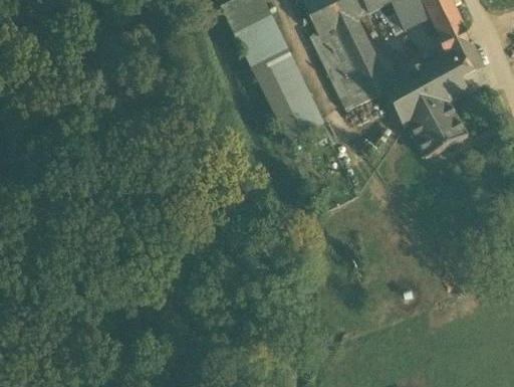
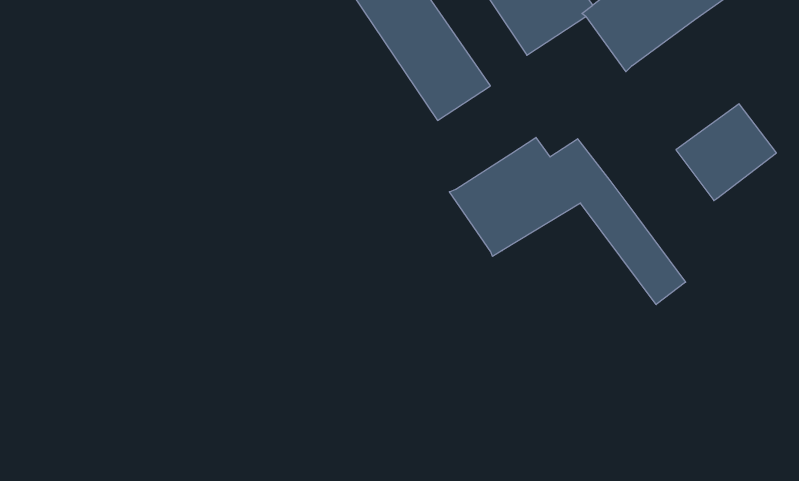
building: [409,104,468,159] -> [676,104,776,201]
building: none -> [449,137,686,305]

